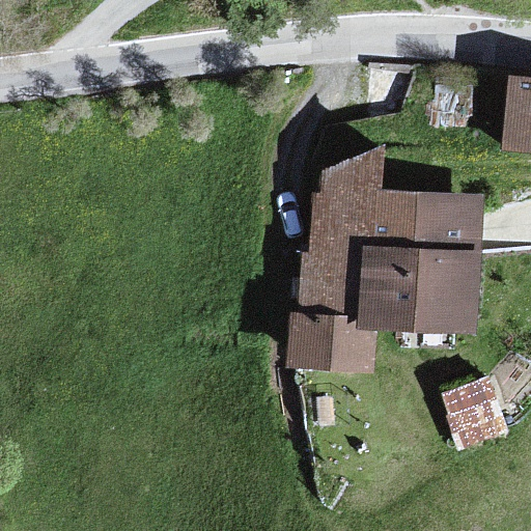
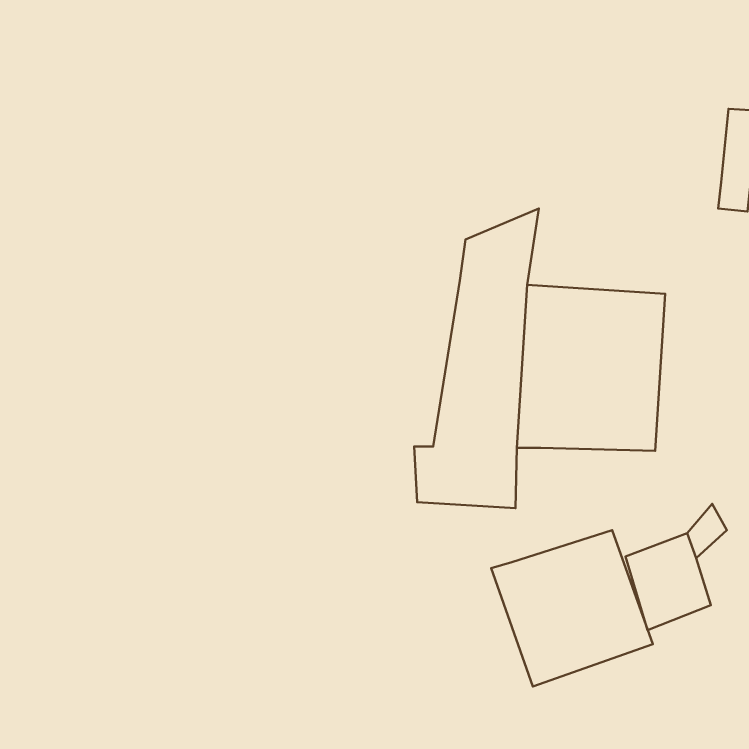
building: none -> [491,530,653,687]

